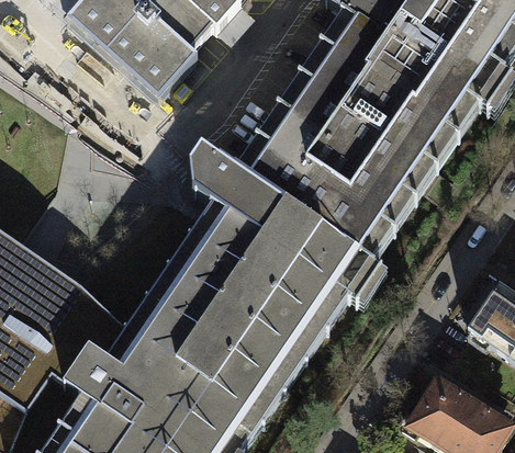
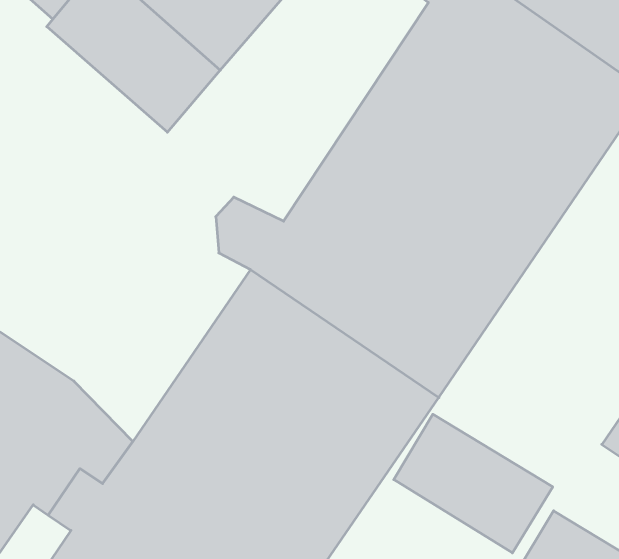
building: none -> [394,414,553,553]

